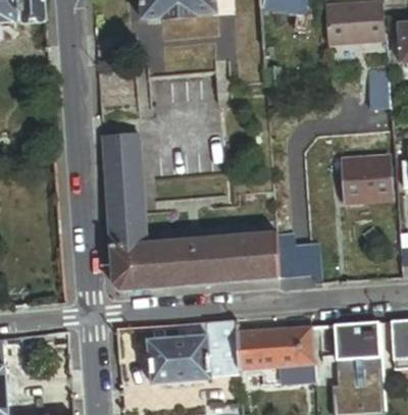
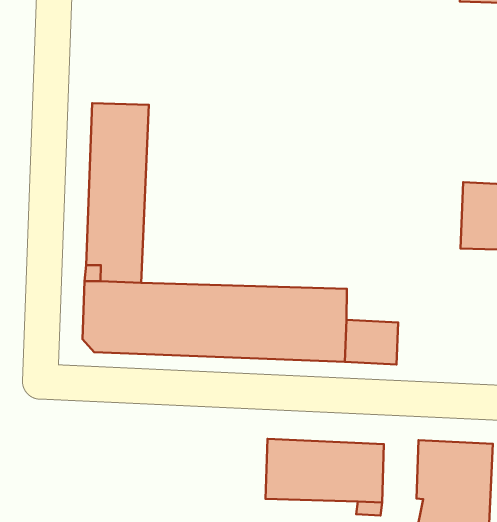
building: [148,321,241,383] -> none

